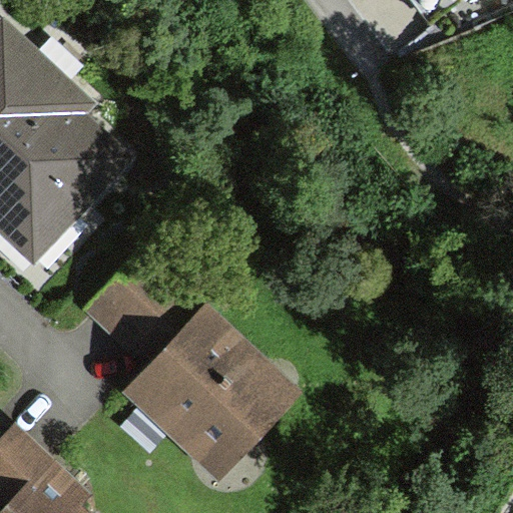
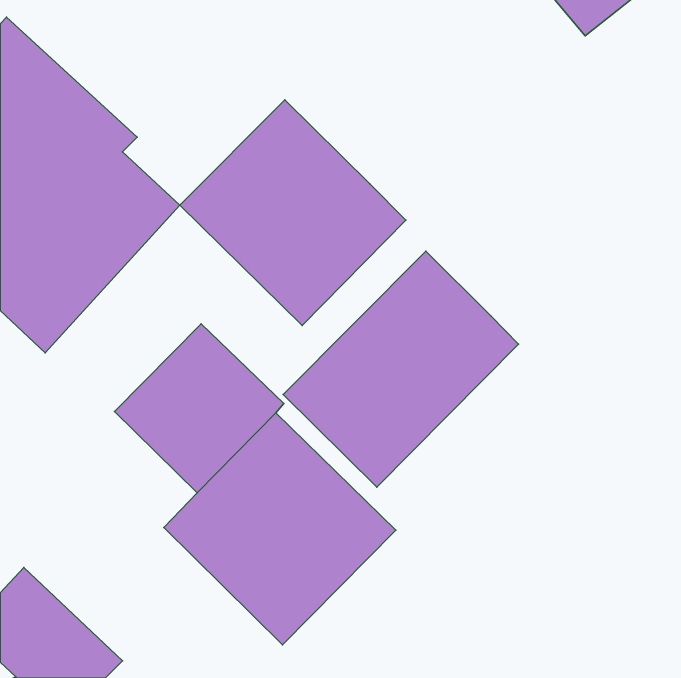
building: none -> [180,100,406,325]
building: none -> [283,251,518,487]

